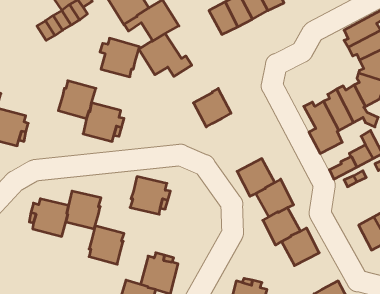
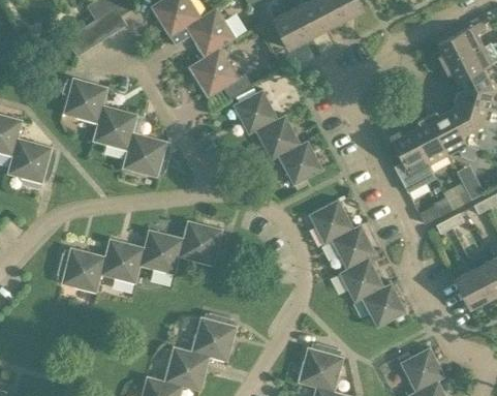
building: [100,38,139,77] -> [61,77,108,123]
building: none -> [232,89,278,134]
building: none -> [278,140,323,185]
building: [89,226,124,264] -> [141,229,183,275]

